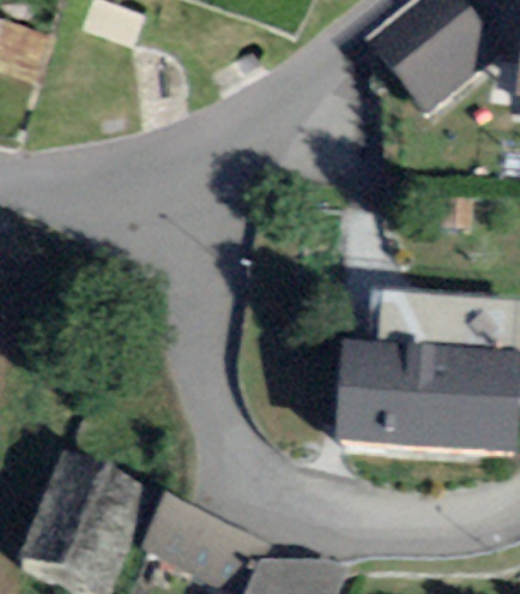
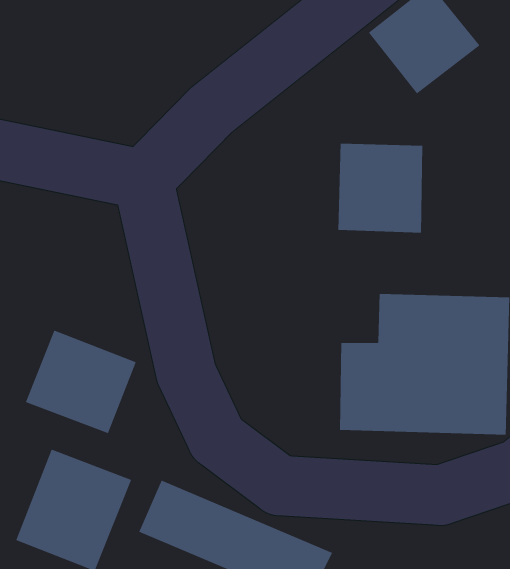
building: none -> [338,143,423,233]
building: none -> [25,330,137,434]

